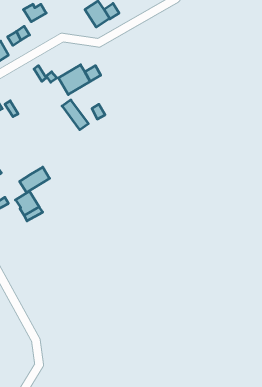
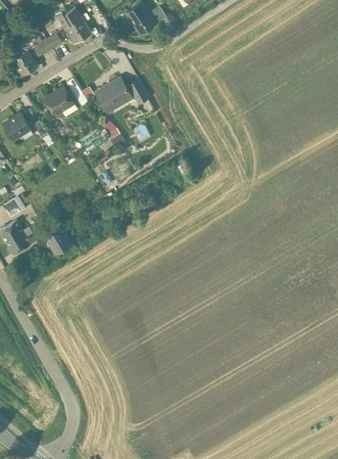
building: none -> [63,17,90,44]
building: none -> [44,87,73,114]
building: [20,167,50,193] -> none

